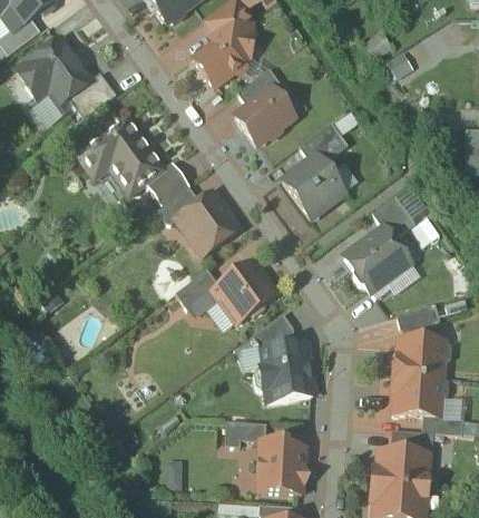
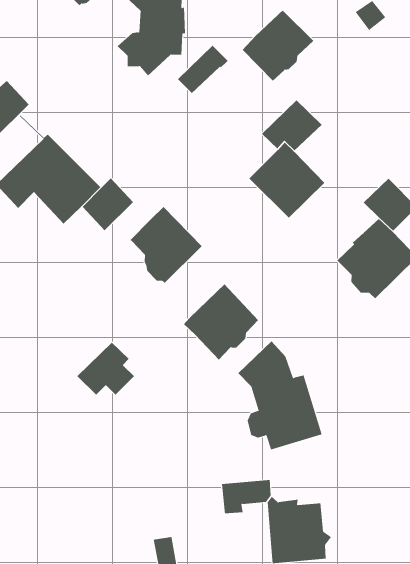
building: [235,87,294,144] -> [242,9,314,82]
building: [157,185,199,223] -> none
building: [175,268,222,312] -> [77,342,135,396]

